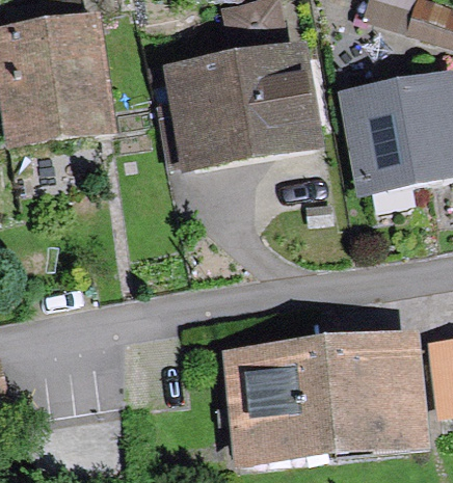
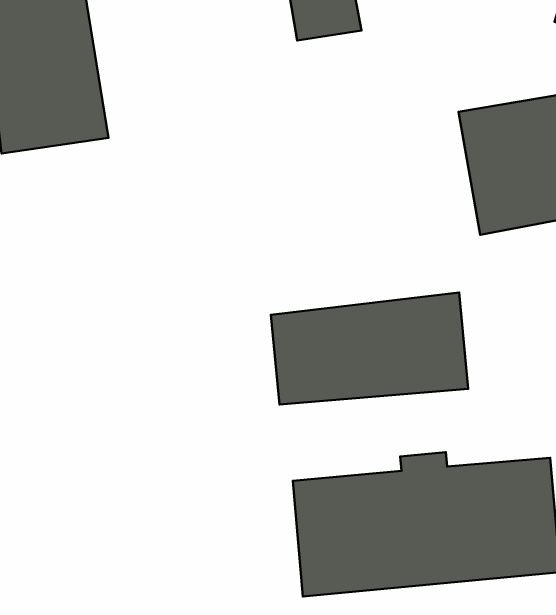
building: [163,68,307,169] -> none
building: none -> [271,293,468,404]

